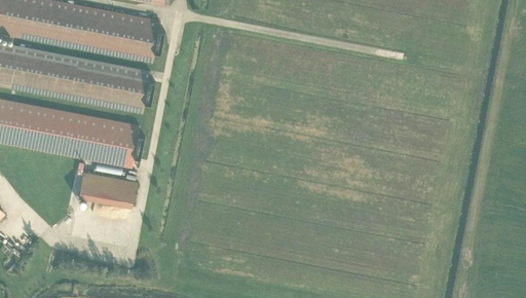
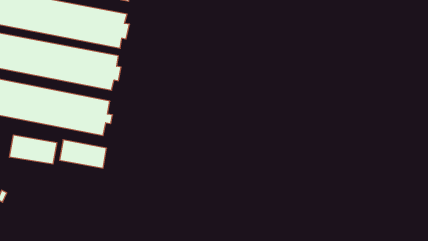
building: none -> [9,135,57,164]

